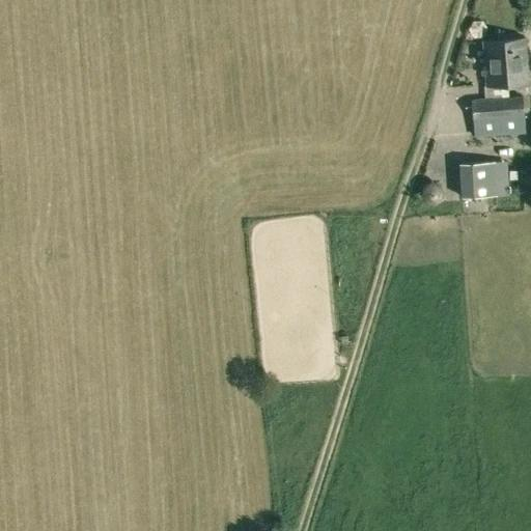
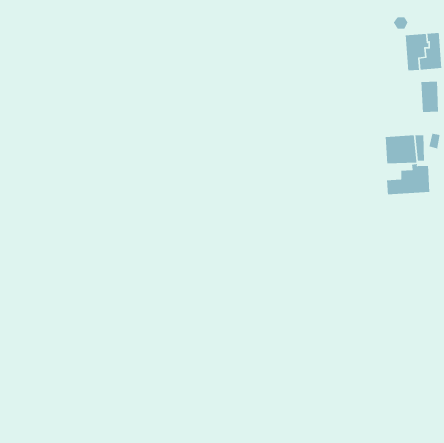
building: [474,99,504,137] -> none
building: none -> [386,163,430,195]

